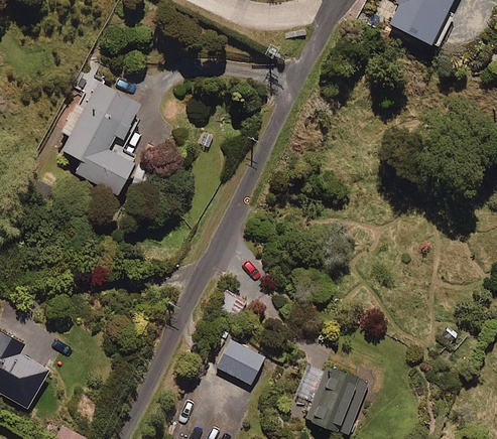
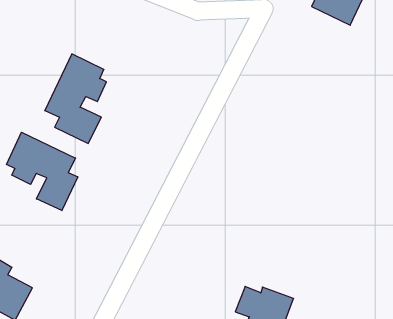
building: none -> [7,132,78,211]
building: [215,338,264,385] -> none

